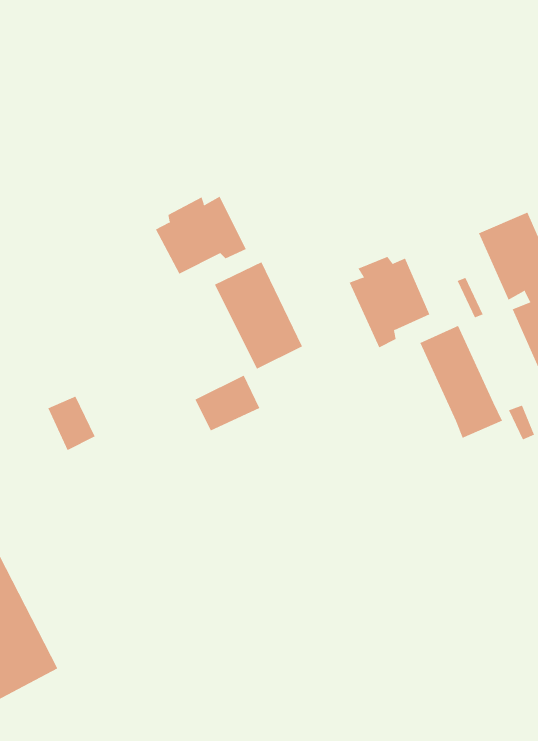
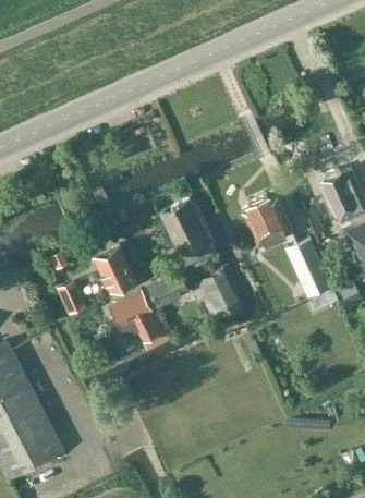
building: [155,196,247,274] -> none
building: none -> [94,246,136,296]
building: none -> [203,271,239,316]
building: none -> [109,291,166,343]

